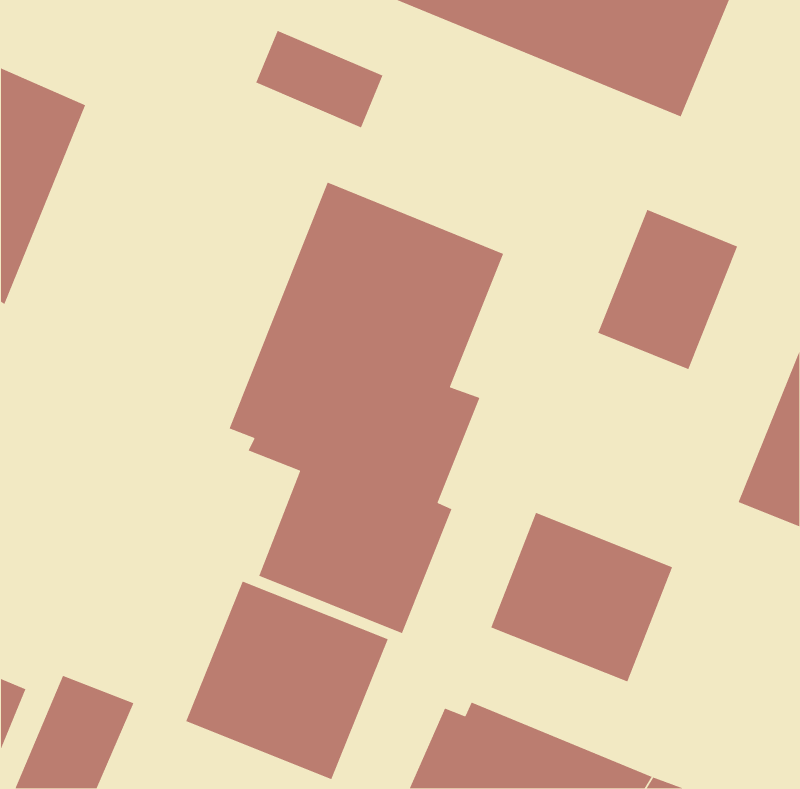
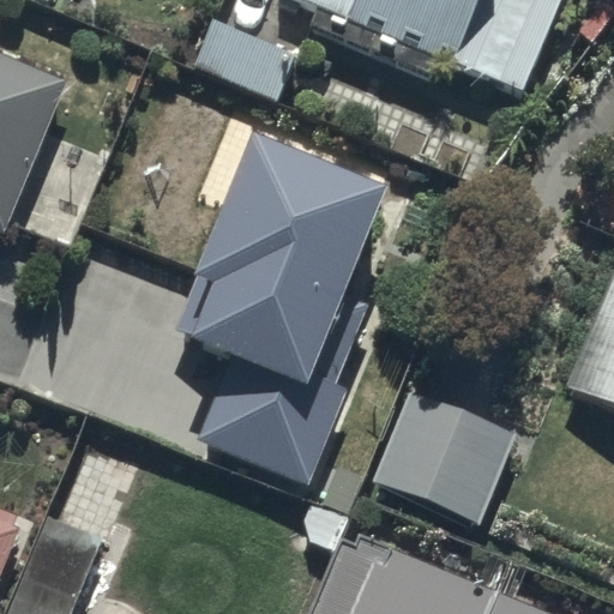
building: [597,209,738,370] -> none
building: [185,580,389,780] -> none

